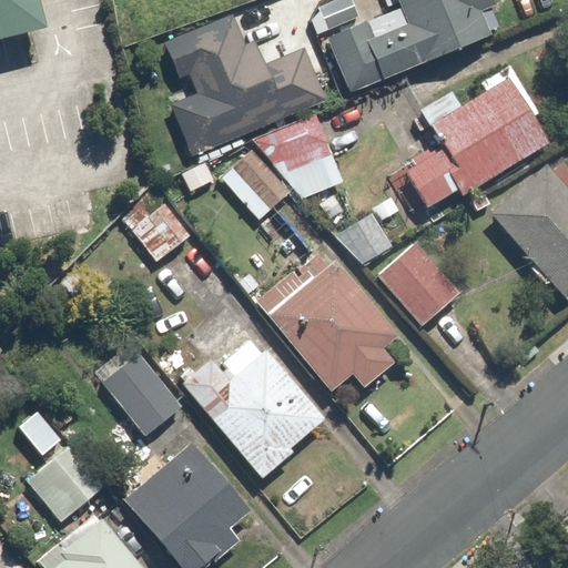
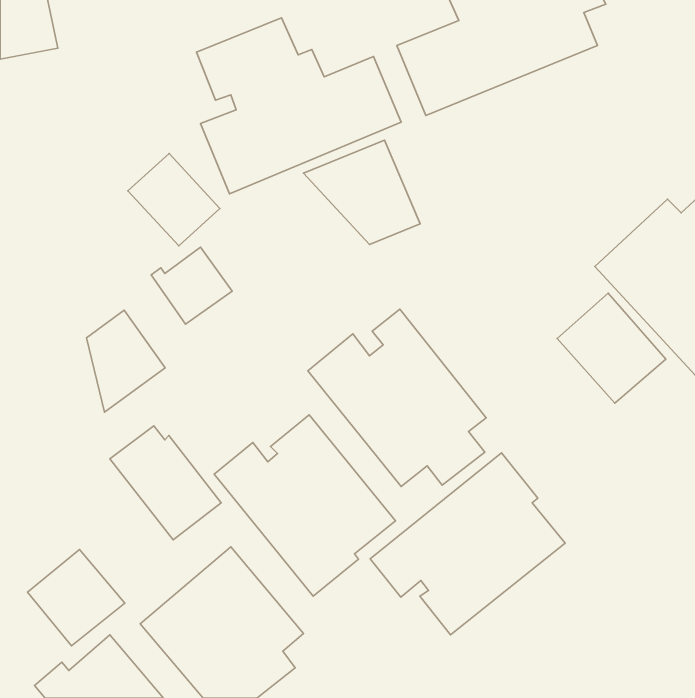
building: [402,65,551,210] -> none
building: [220,145,294,220] -> [128,154,220,246]
building: [334,209,394,264] -> none
building: [374,239,462,327] -> [557,293,666,403]
building: none -> [86,310,165,412]
building: none -> [370,453,565,635]

